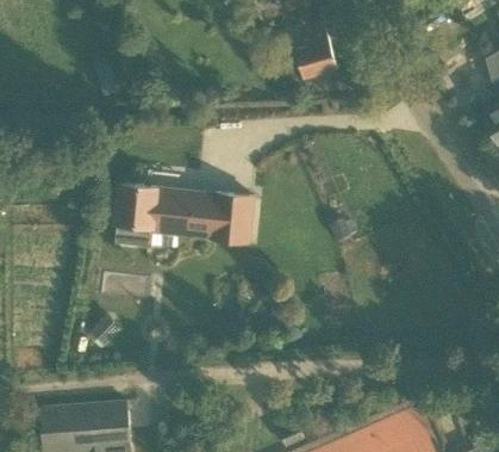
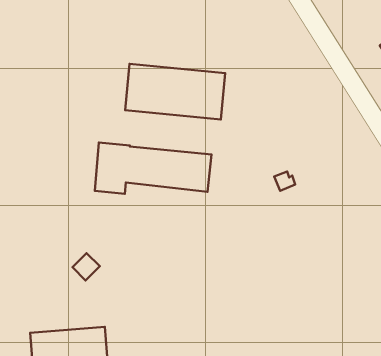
building: [295,23,337,78] -> none
building: none -> [125,64,225,119]

